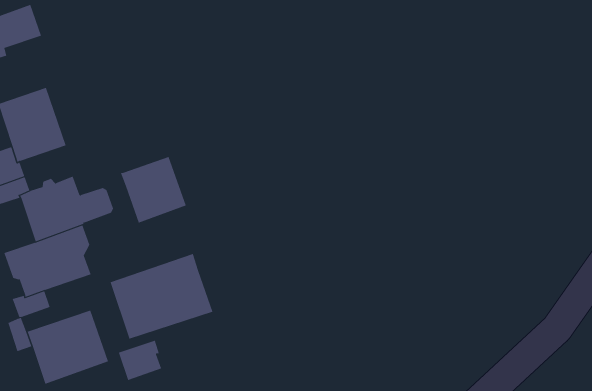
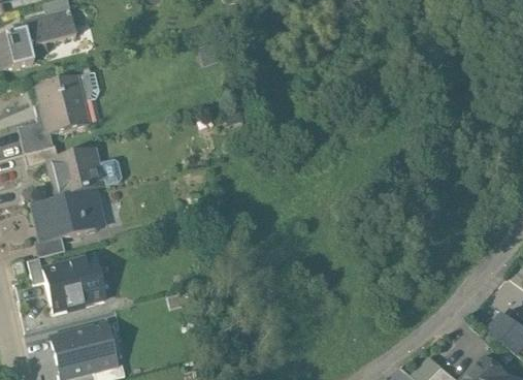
building: [120,156,186,223] -> none
building: [110,253,213,340] -> none
building: [118,340,162,381] -> none

